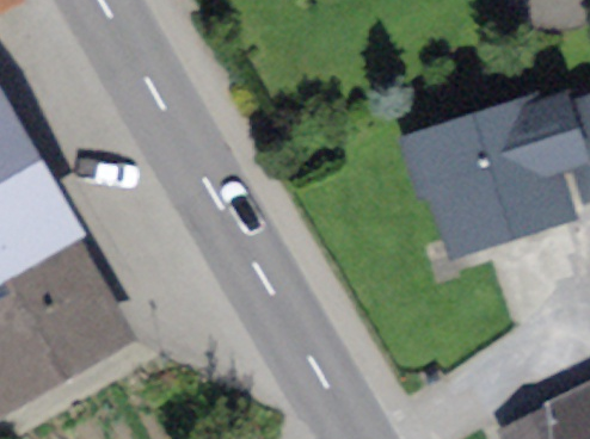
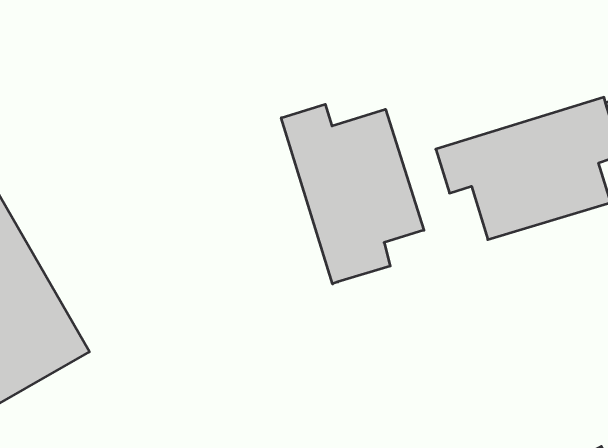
building: none -> [281,104,424,284]

